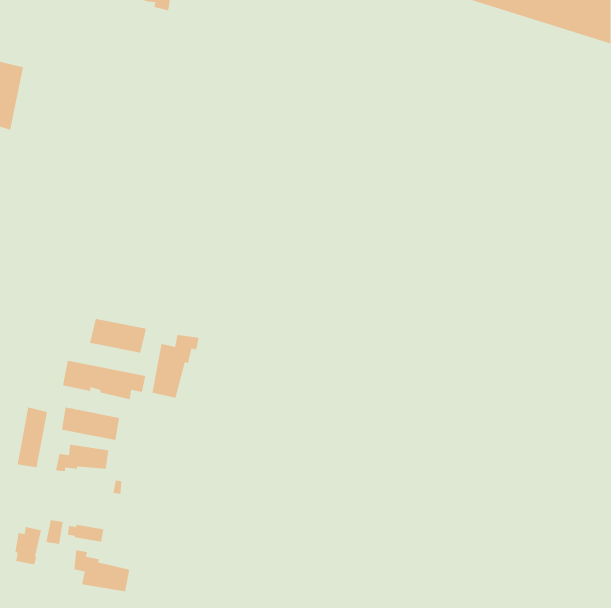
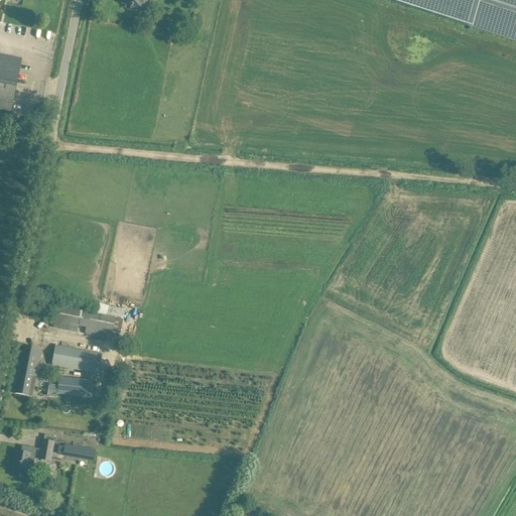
building: [90,318,146,353] -> none
building: [152,334,199,399] -> none
building: [74,549,130,592] -> none

